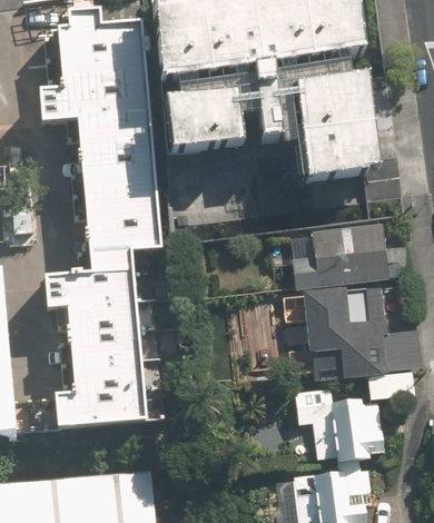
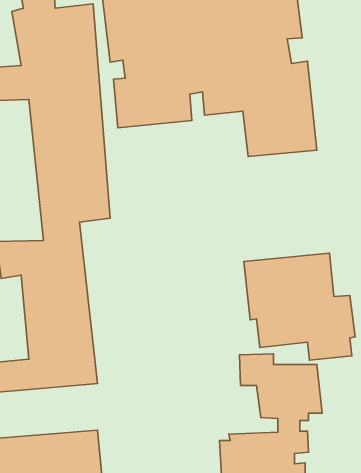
building: [290,221,411,289] -> none

